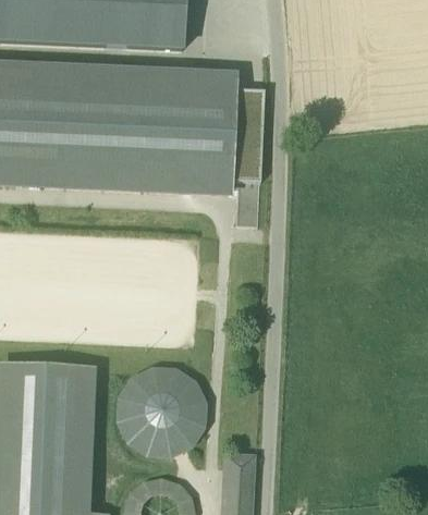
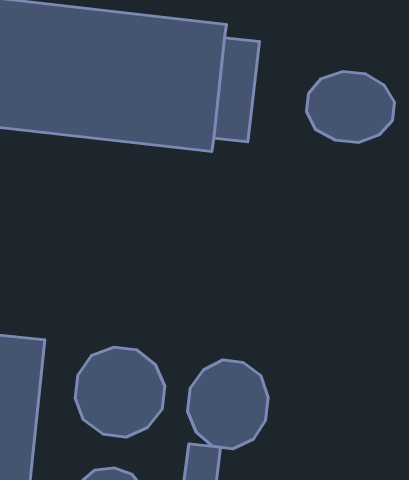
building: none -> [306,71,395,142]
building: none -> [187,360,268,449]

